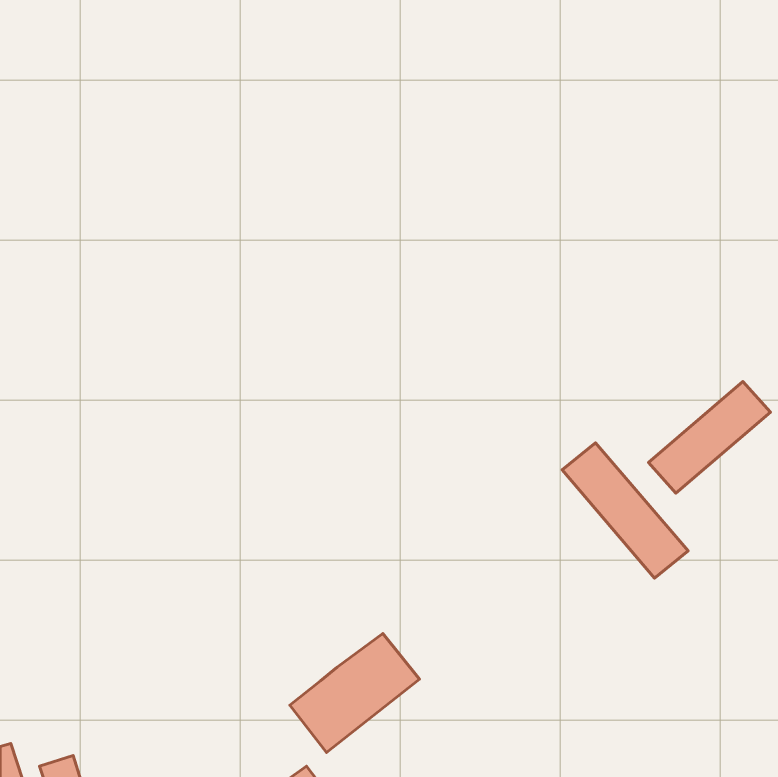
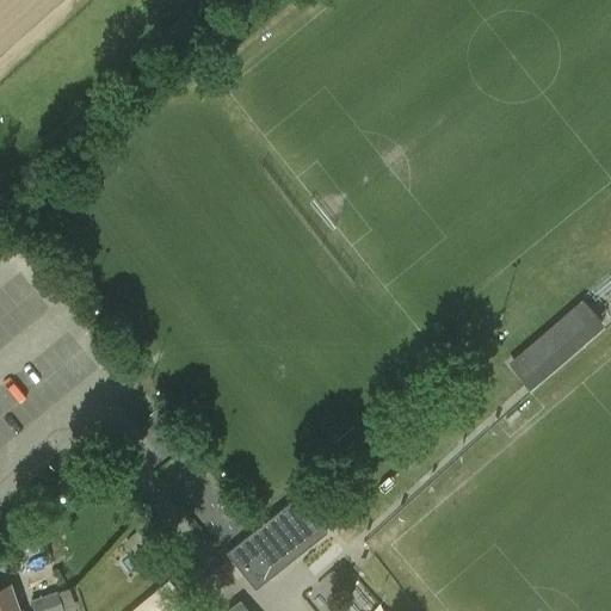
building: [562,443,688,578] -> none

